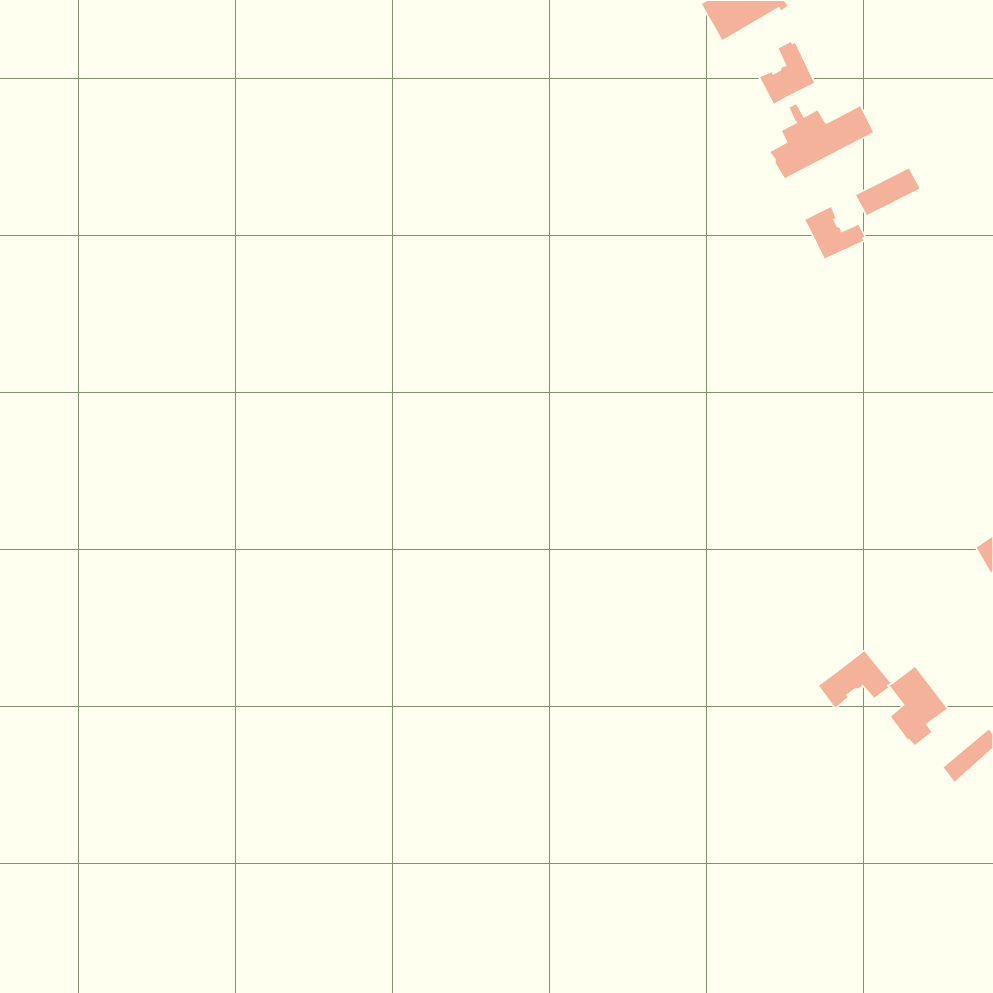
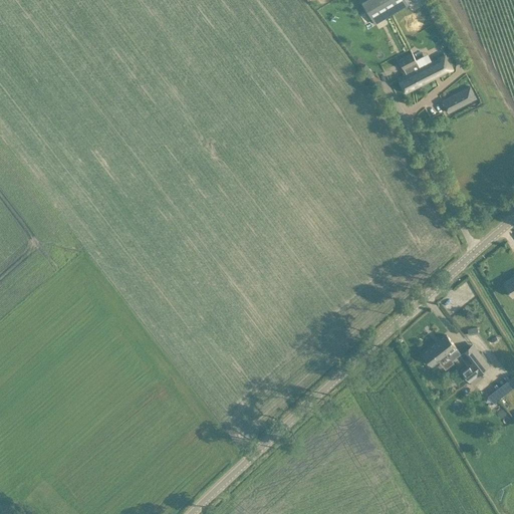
building: [759,41,815,105] -> none
building: [804,206,865,260] -> none

